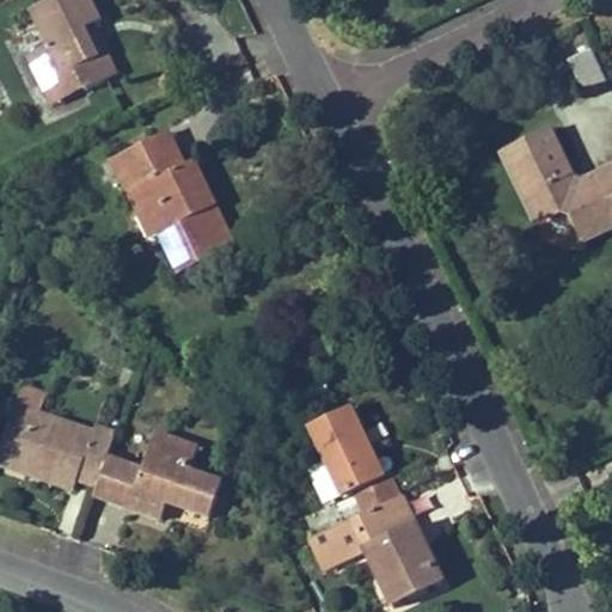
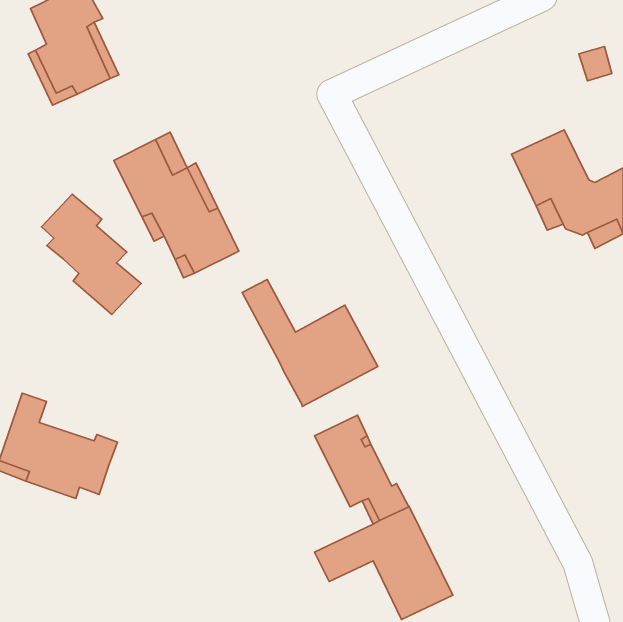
building: none -> [41,194,141,314]
building: none -> [242,280,378,406]
building: [92,430,221,518] -> none

